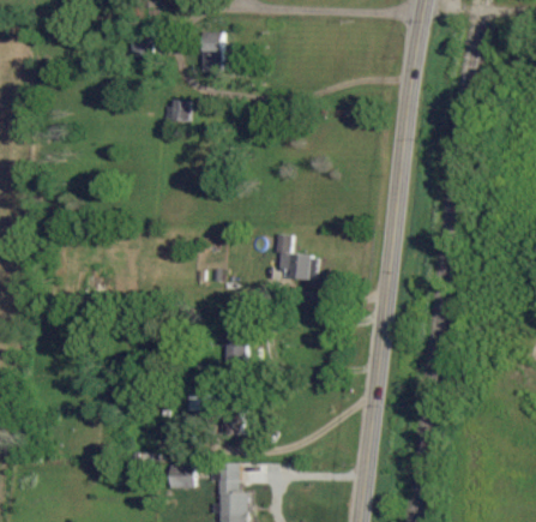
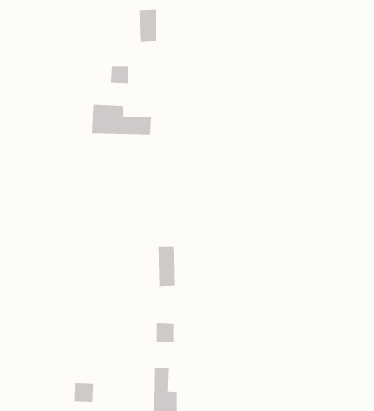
building: none -> [92,104,151,136]
building: [275,234,317,280] -> none
building: [168,464,193,488] -> [73,383,94,402]

